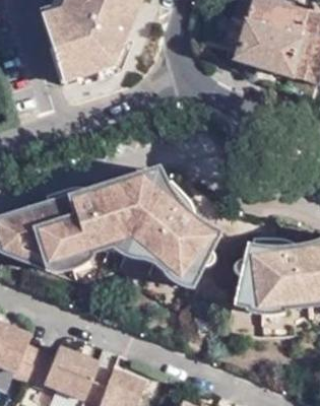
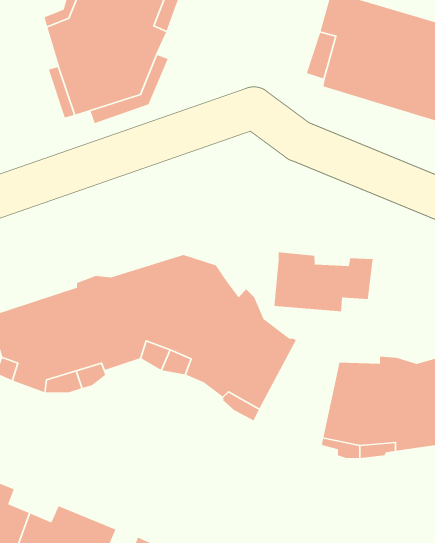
building: none -> [273,252,374,312]

